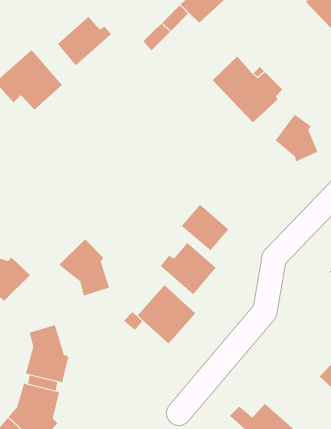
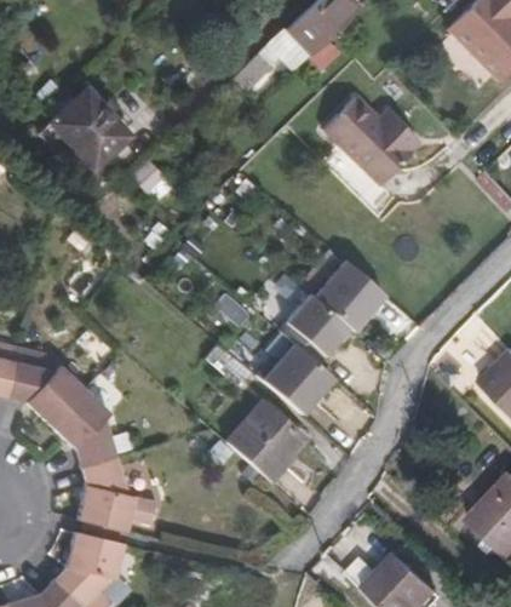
building: [57,16,112,66] -> none
building: [275,114,318,162] -> none
building: none -> [314,262,385,332]
building: [59,238,110,296] -> [51,389,119,465]

